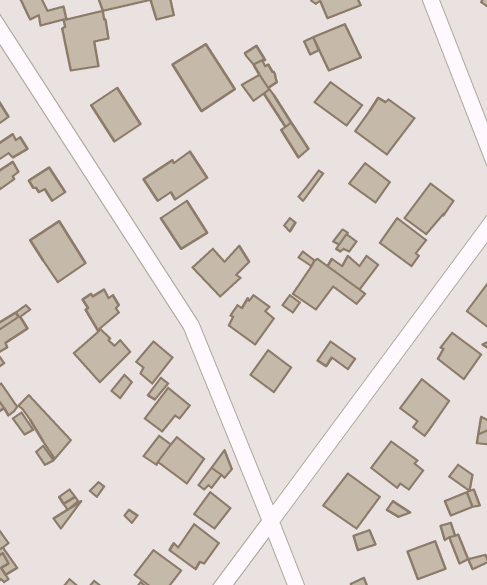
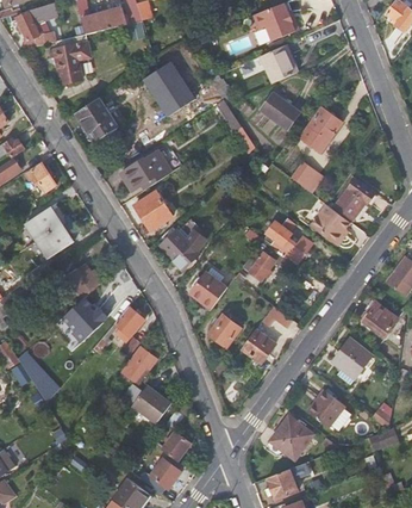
building: none -> [241,329,276,364]
building: [408,541,445,579] -> [267,469,298,500]

